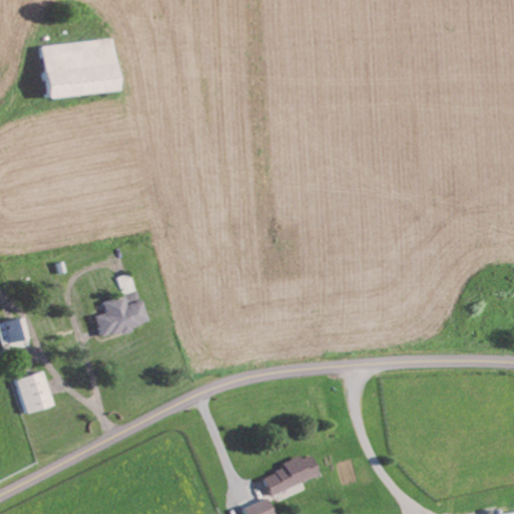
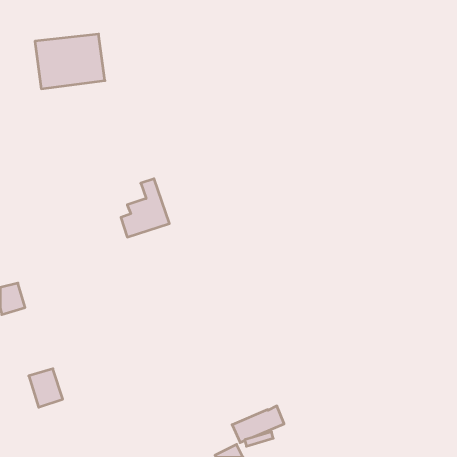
building: [93,273,148,338] -> [121,179,169,237]
building: [14,371,52,415] -> [29,369,63,407]

